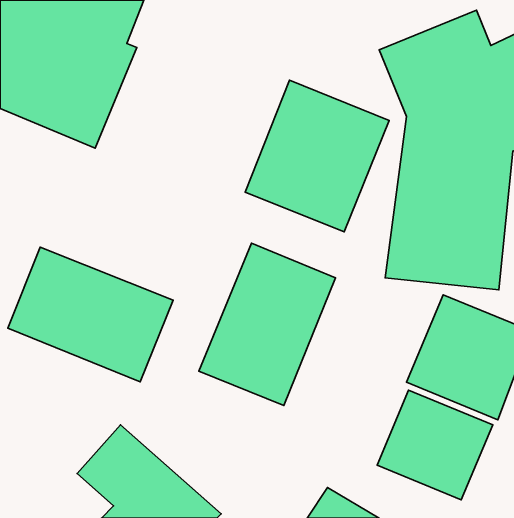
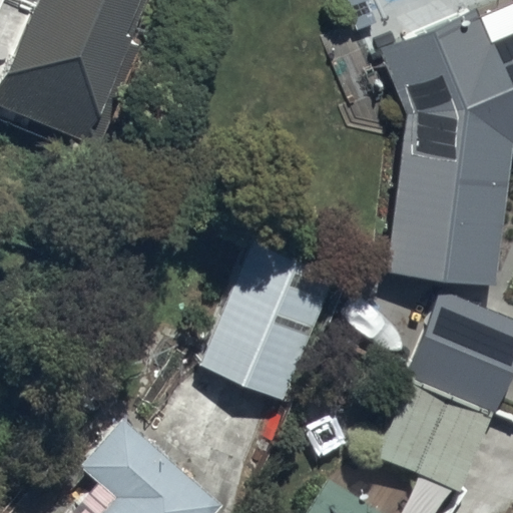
building: [245,80,389,232] -> none
building: [8,247,173,382] -> none

